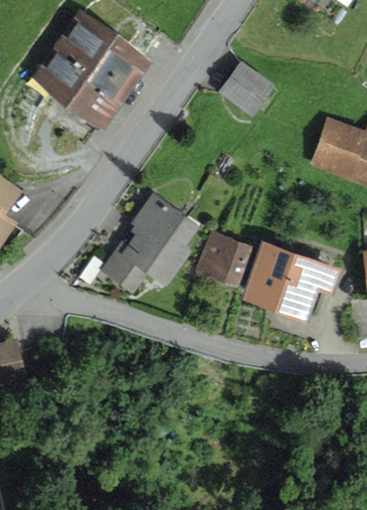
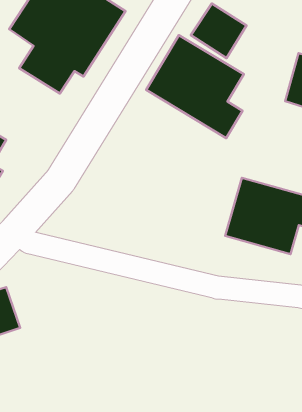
building: none -> [146,35,244,138]
building: [100,192,201,292] -> none
building: [192,229,252,286] -> none

